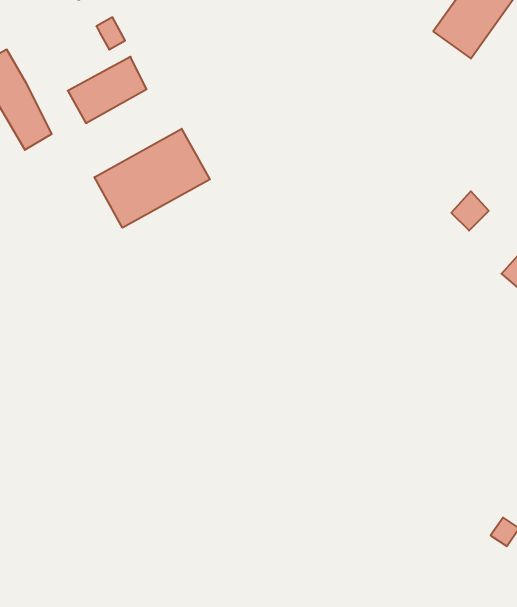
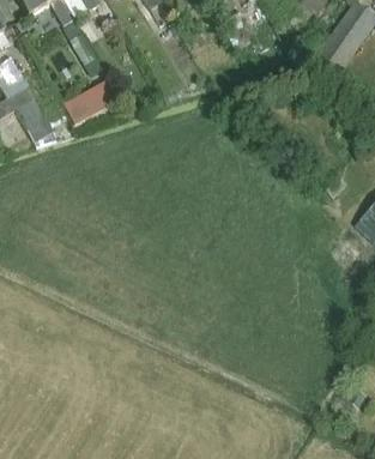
building: [94,129,210,228] -> none

